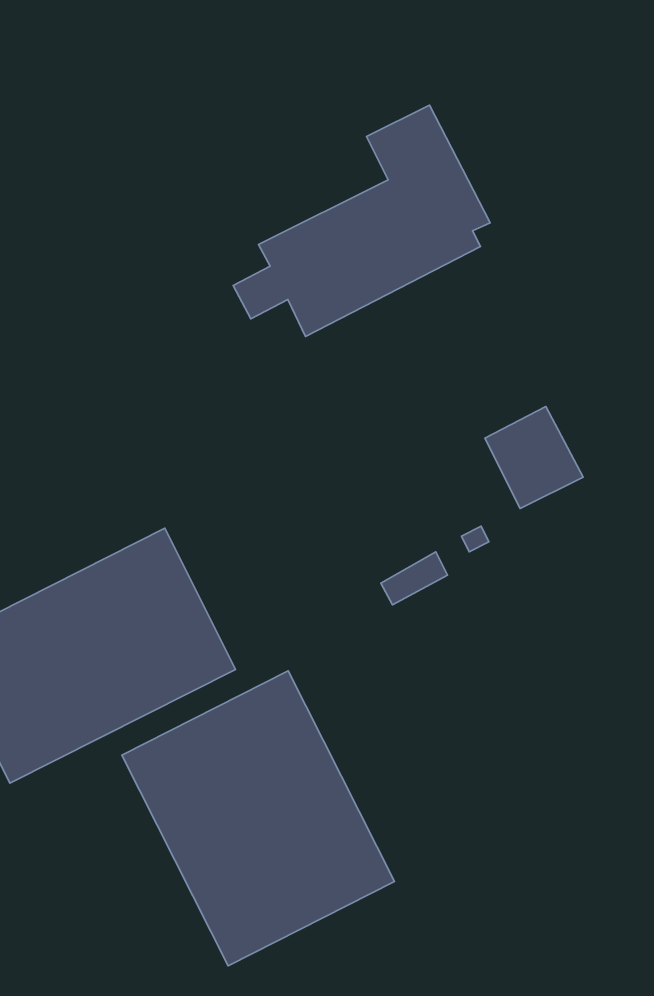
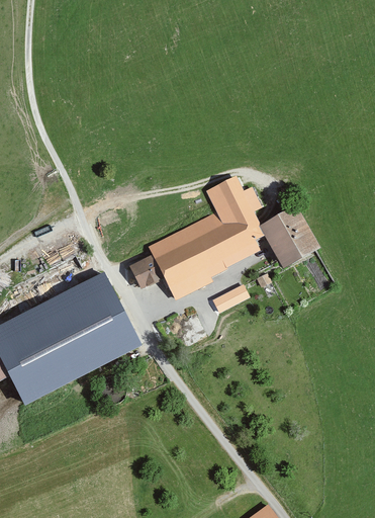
building: [233,105,490,337] -> [134,175,267,294]
building: [122,671,395,966] -> none

